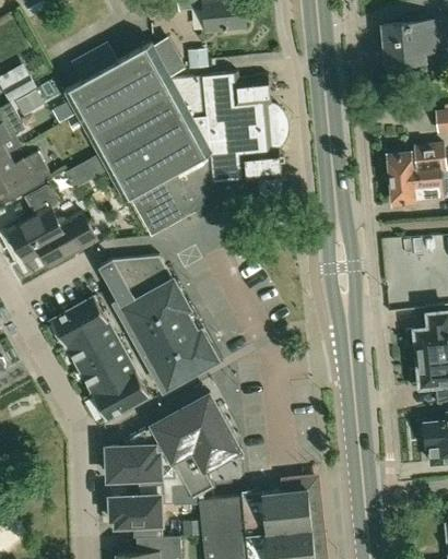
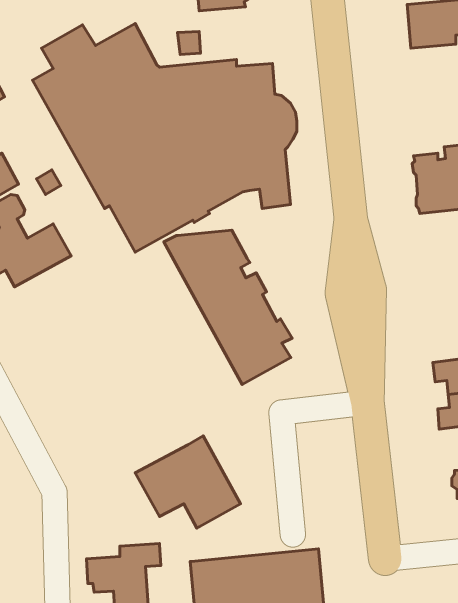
building: [151,33,188,78] -> none
building: [101,255,210,386] -> [164,230,292,384]
building: [50,297,149,420] -> none
building: [107,425,214,500] -> none

